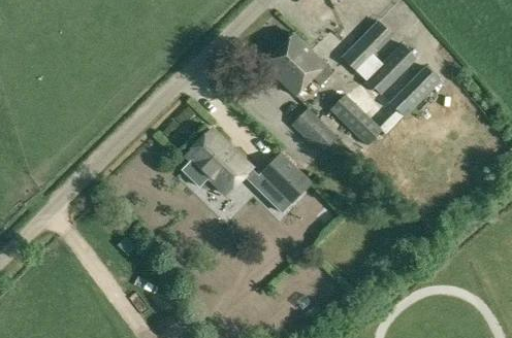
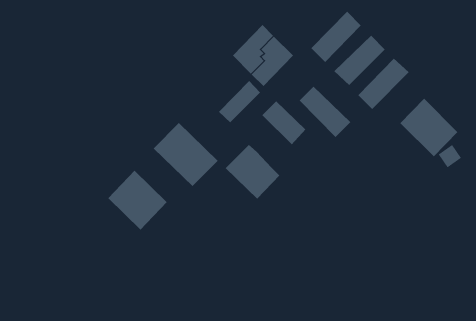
building: none -> [218,80,261,123]
building: none -> [400,98,458,157]
building: none -> [107,170,168,230]

